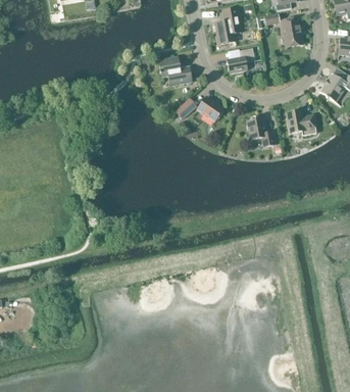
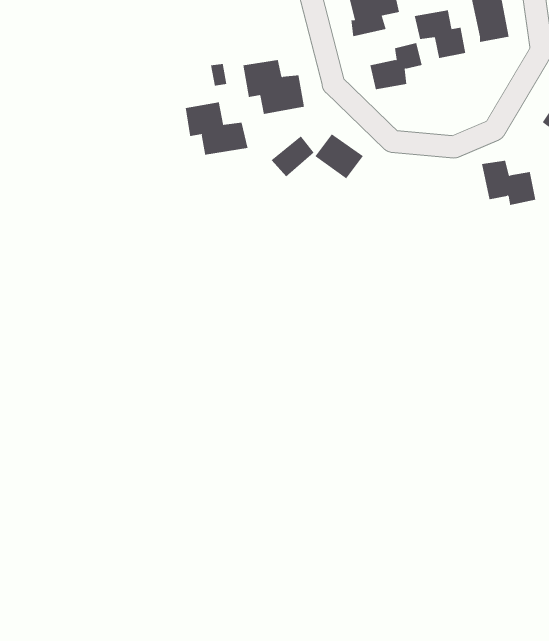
building: none -> [414,9,466,59]
building: none -> [185,102,248,156]
building: [247,116,274,146] -> none

